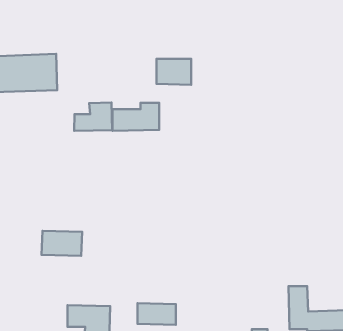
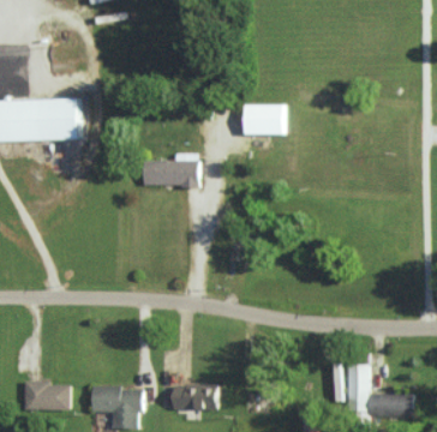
building: [157,59,191,85] -> [244,104,283,134]
building: [74,102,112,131] -> none
building: [42,231,82,256] -> [23,382,70,410]

